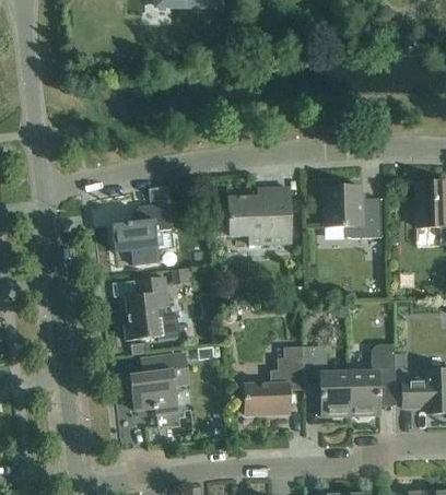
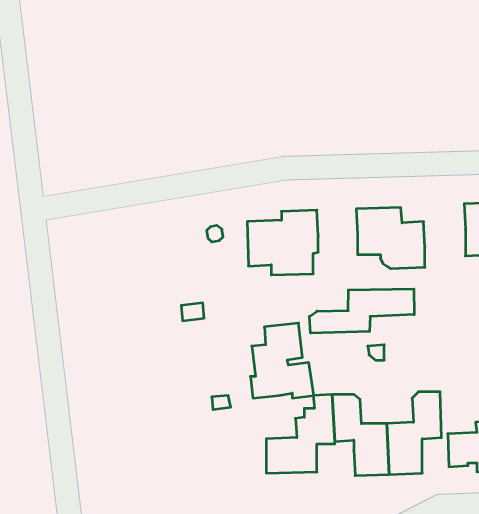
building: [113,204,171,264] -> none
building: none -> [309,289,414,333]
building: [124,276,178,341] -> [250,323,314,398]
building: [130,353,188,414] -> none

